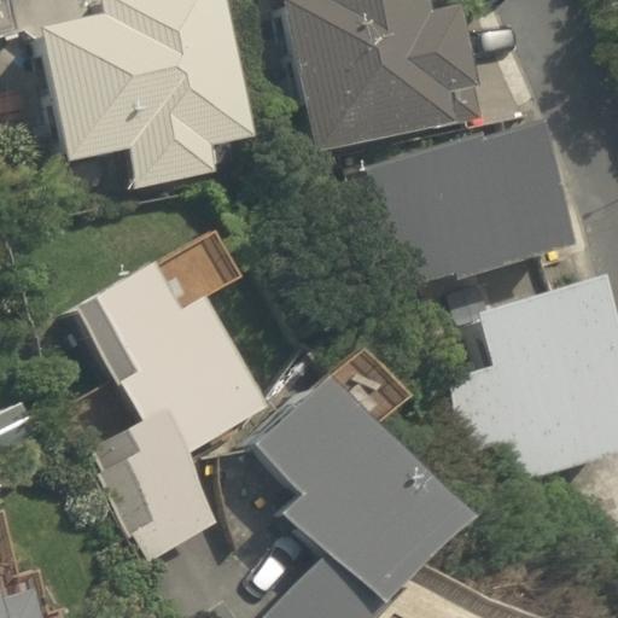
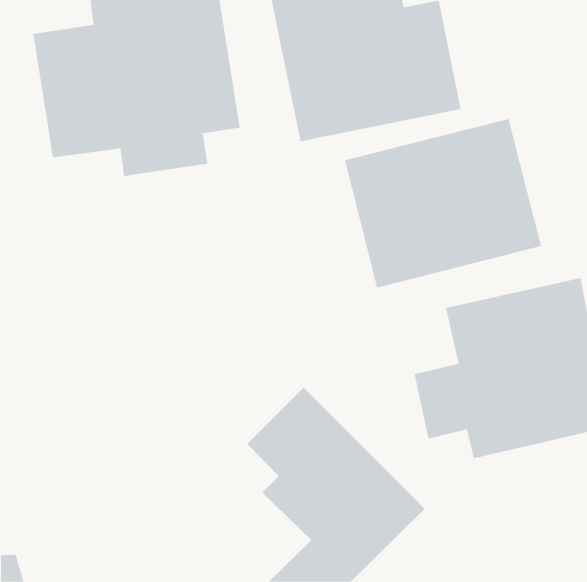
building: [74,264,273,550] -> none

